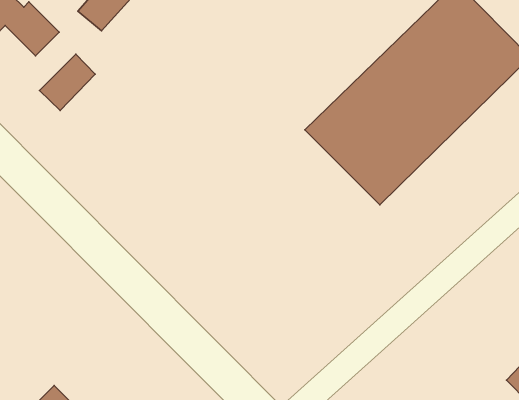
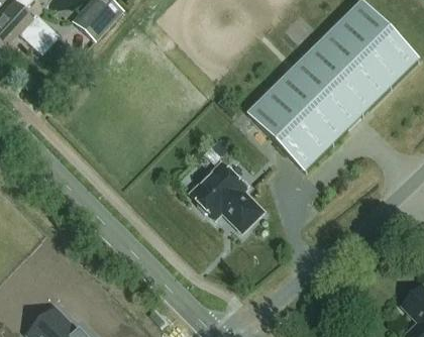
building: [40,54,95,111] -> none
building: none -> [189,160,264,231]

